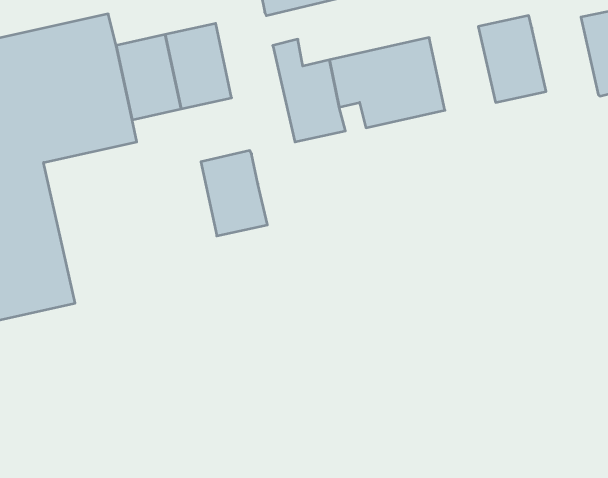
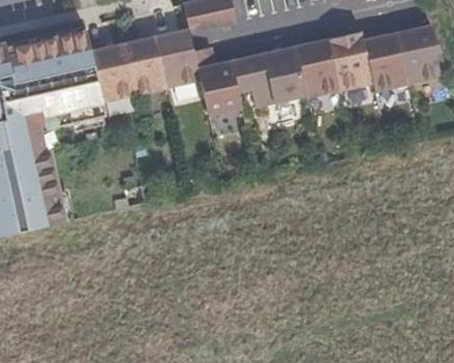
building: none -> [363,33,406,91]
building: none -> [296,39,339,97]
building: [201,151,267,236] -> [156,30,200,86]

